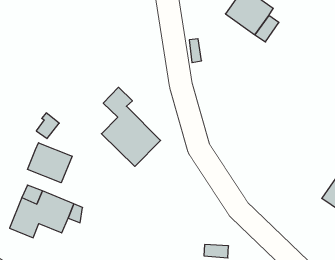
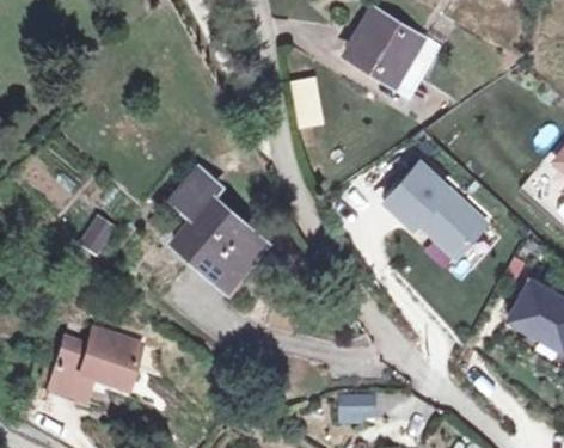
building: none -> [384,162,485,257]
building: [28,143,72,183] -> none

